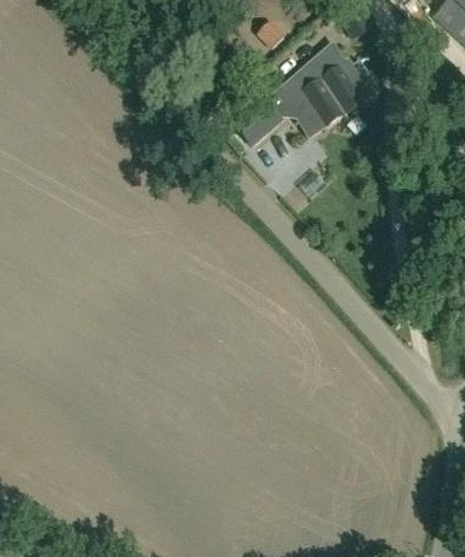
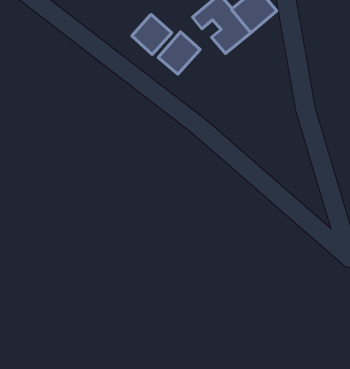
building: none -> [132,14,172,55]

